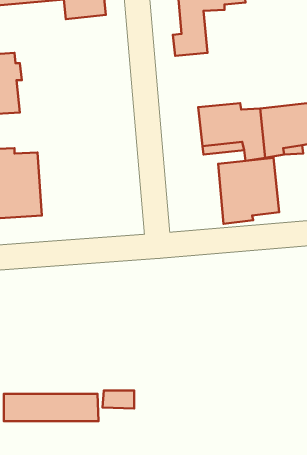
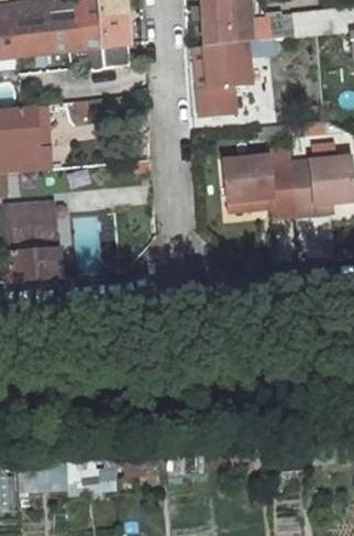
building: [218,158,279,224] -> none

